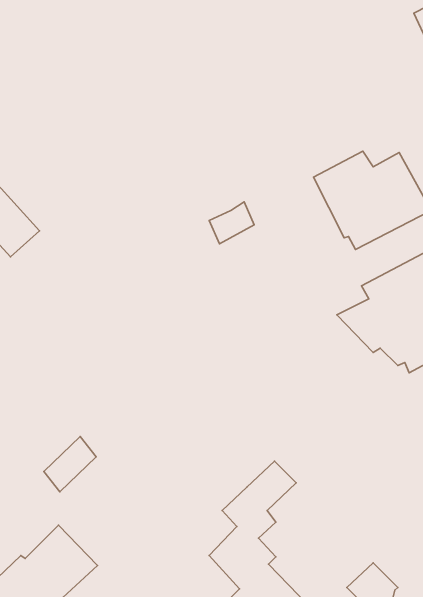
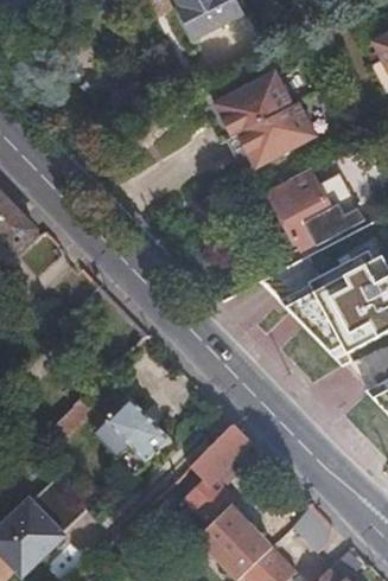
building: none -> [214,69,316,166]
building: none -> [108,396,174,461]

